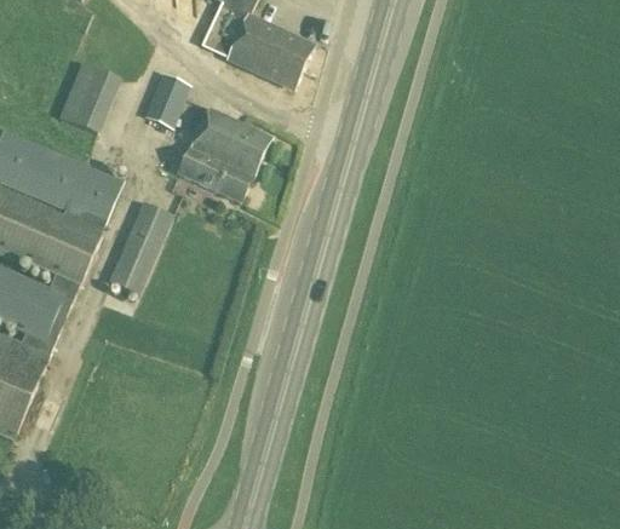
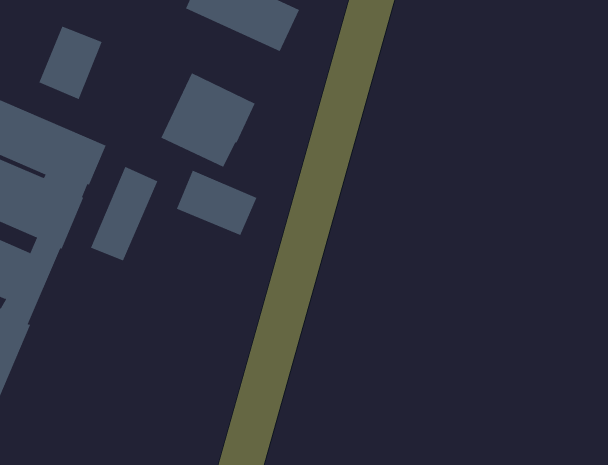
building: [143,71,191,128] -> none
building: none -> [176,170,257,236]

